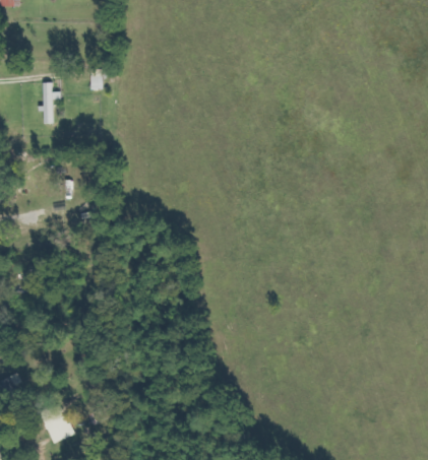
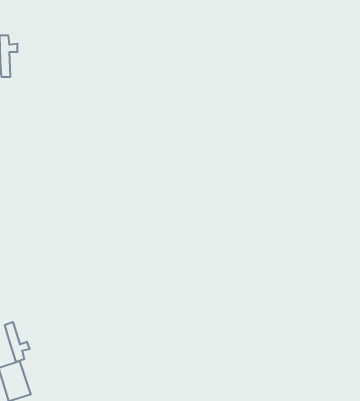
building: none -> [5,322,30,362]

